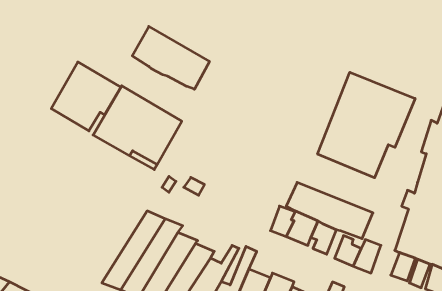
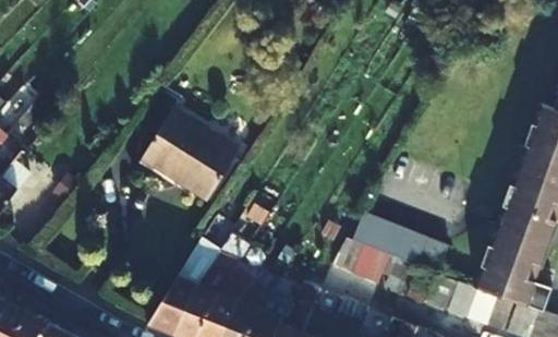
building: [132,26,209,89] -> none
building: [51,62,121,131] -> none
building: [318,72,415,178] -> none

